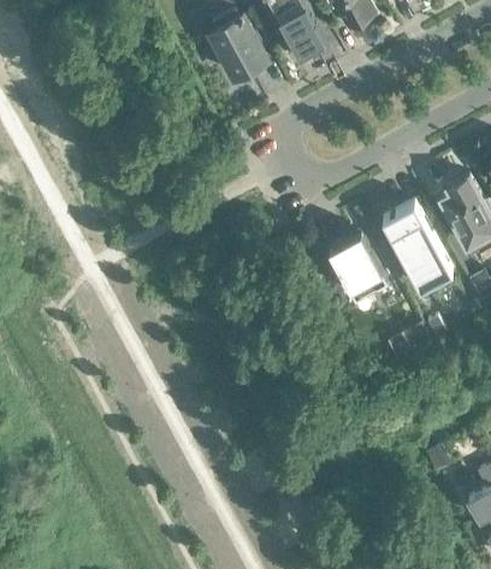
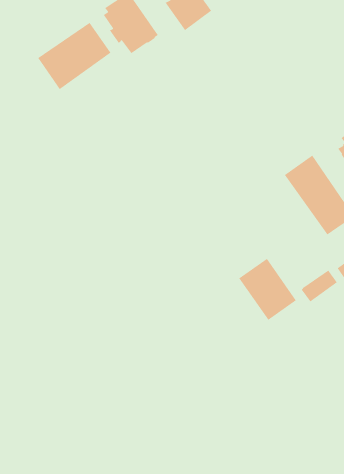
building: none -> [37,22,112,90]
building: [330,232,389,298] -> [238,258,297,321]

